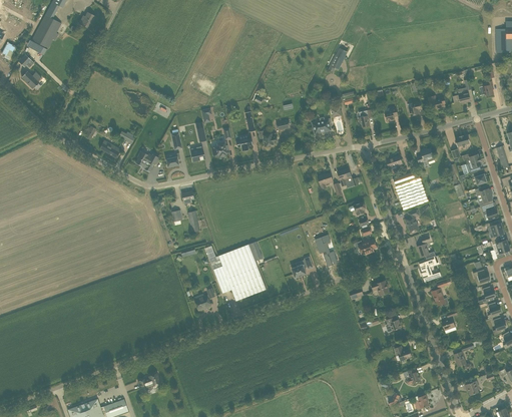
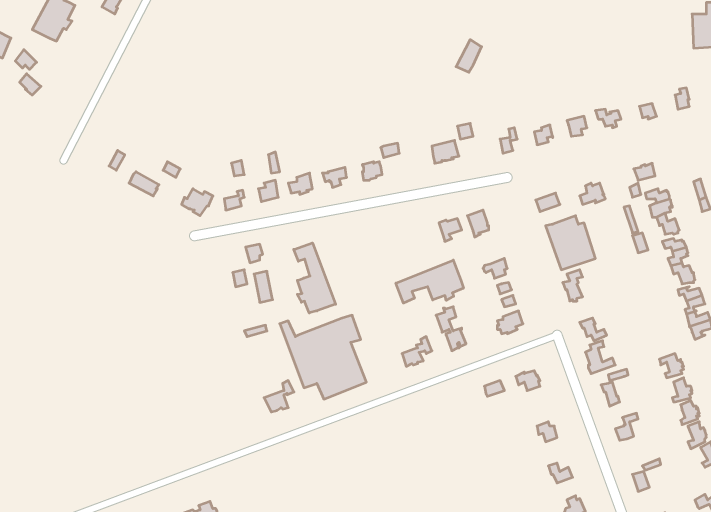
building: none -> [294,243,336,313]
building: none -> [396,260,463,303]

